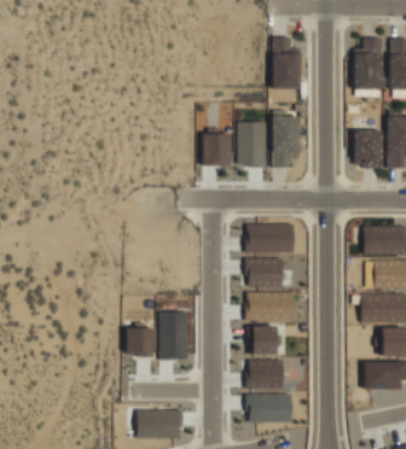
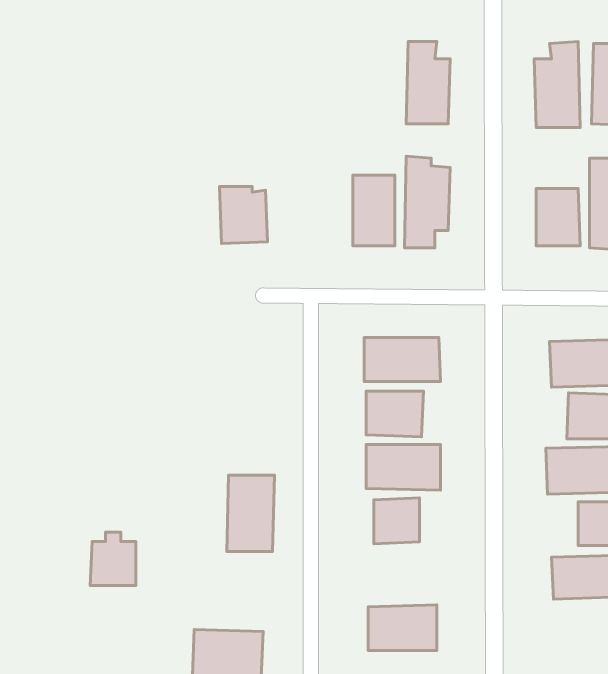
building: [202,129,232,165] -> [220,186,267,244]
building: [126,321,155,355] -> [90,532,136,585]
building: [249,358,284,387] -> none

